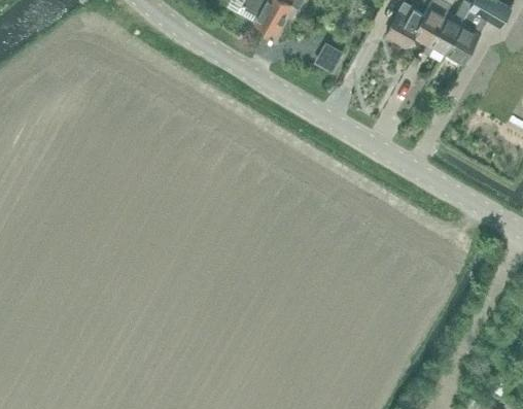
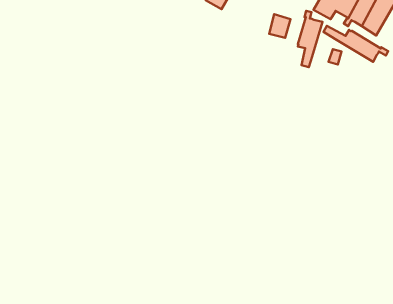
building: none -> [298,11,323,67]
building: none -> [324,26,388,62]

